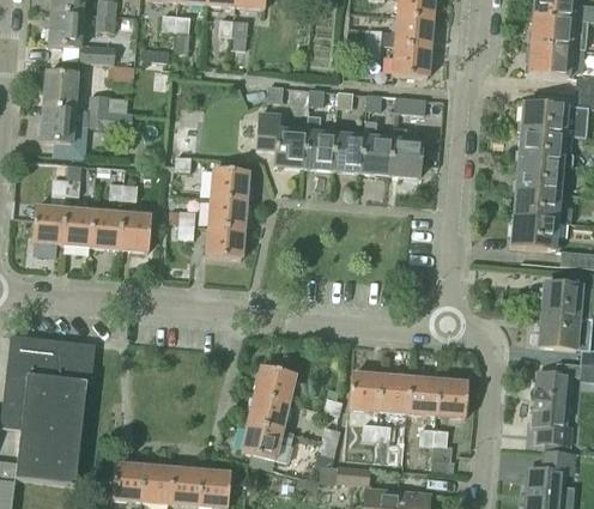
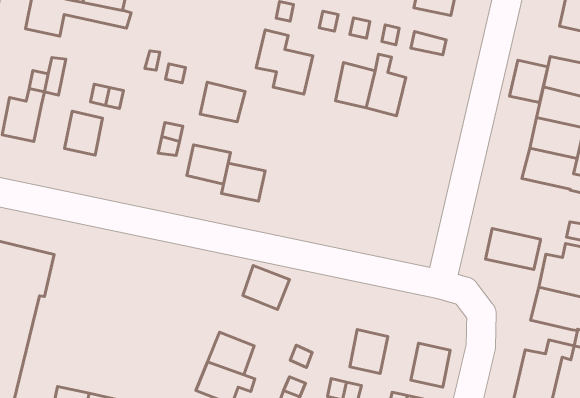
building: none -> [510,60,548,103]
building: [303,116,335,169] -> none
building: [390,128,424,177] -> none
building: [208,198,246,229] -> [221,163,265,201]
building: [62,208,93,246] -> none
building: [120,213,152,250] -> none
building: [510,217,558,249] -> [486,229,541,270]
building: [255,365,296,402] -> [243,265,289,309]
building: [348,372,381,410] -> none
building: [407,377,438,414] -> none

